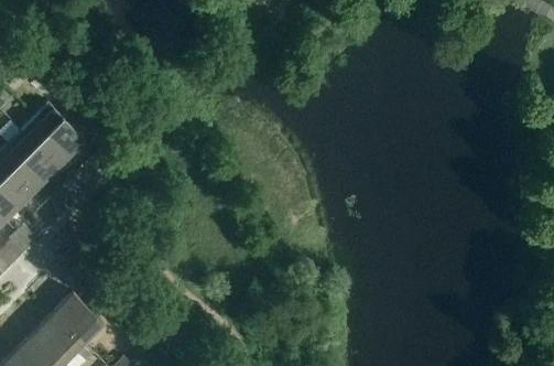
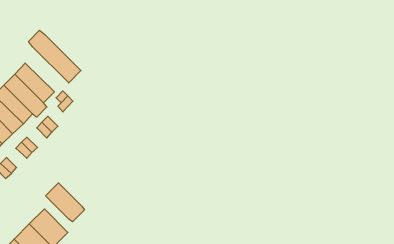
building: none -> [28,30,81,83]
building: none -> [46,183,84,222]

